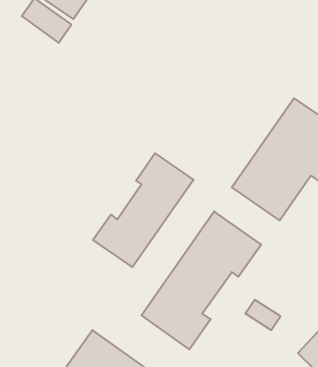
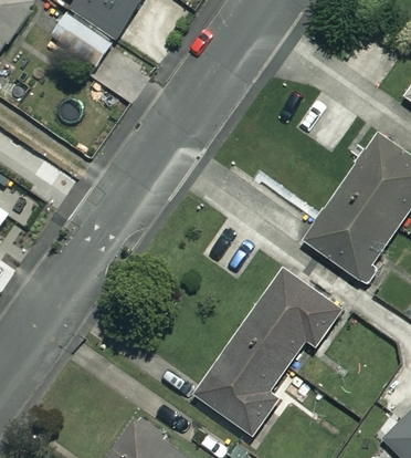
building: [93,153,194,267] -> none

